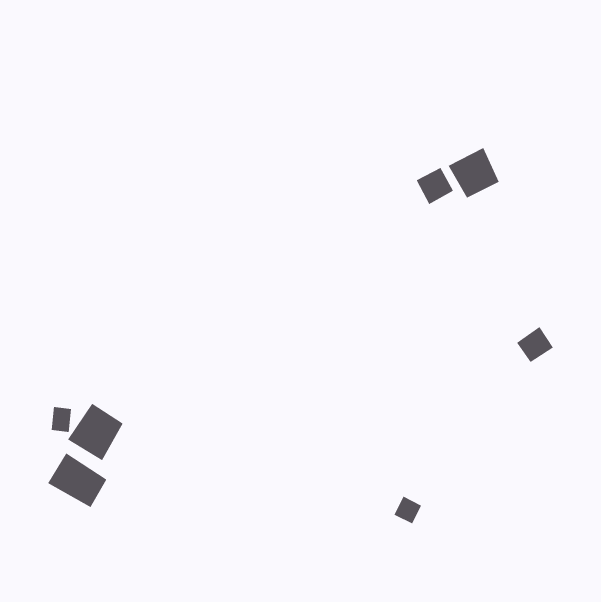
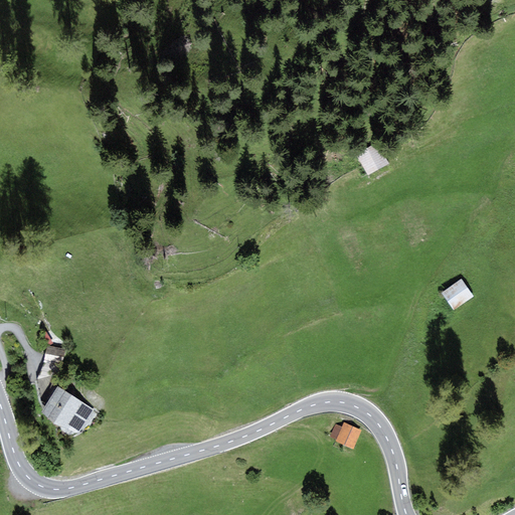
building: [448,147,499,198] -> none
building: [67,403,124,461] -> none

